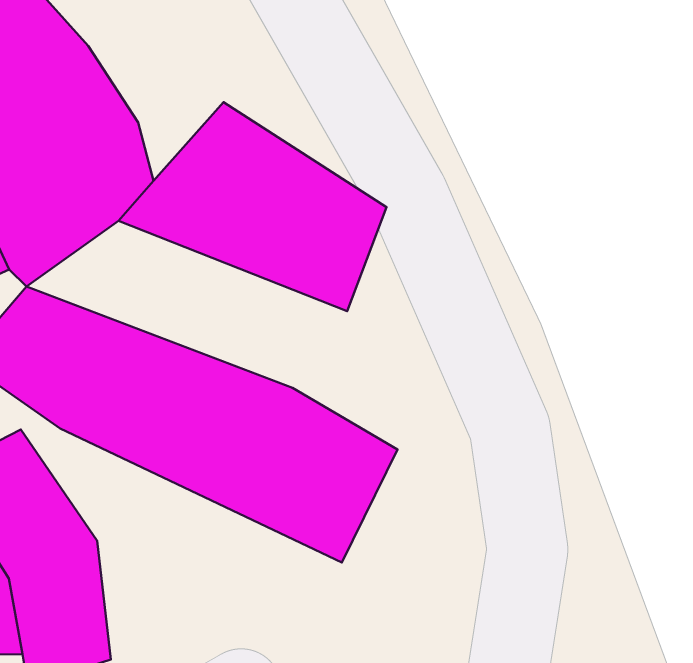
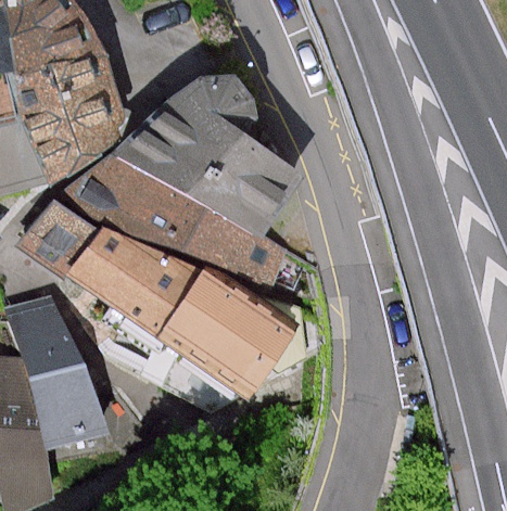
building: none -> [63,162,264,297]

